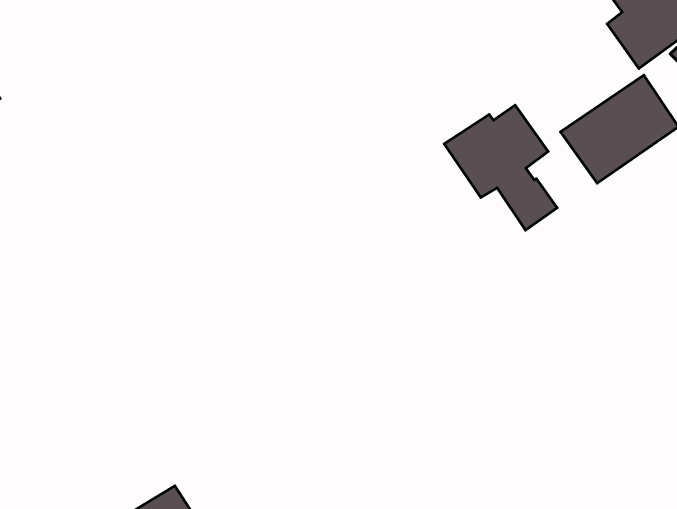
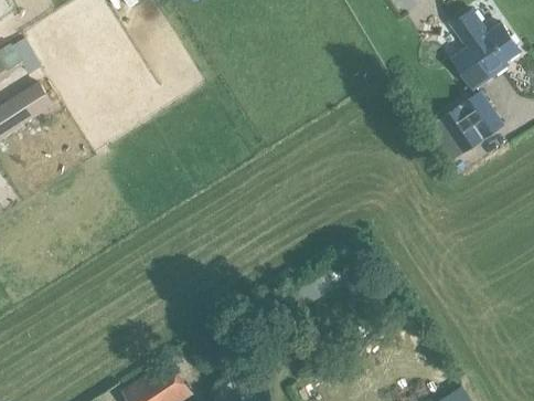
building: [444,105,557,230] -> none

